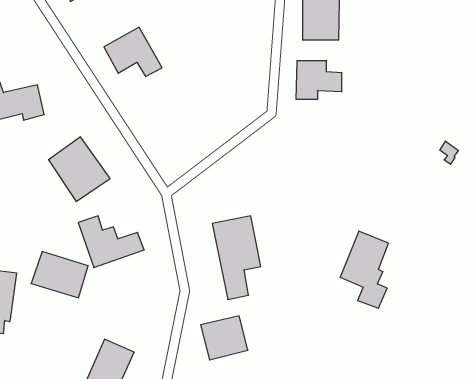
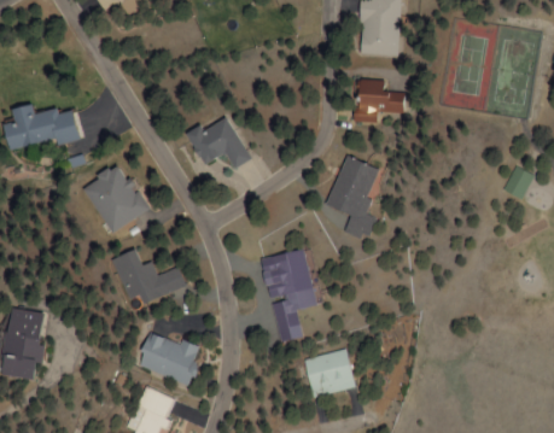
building: [104,27,162,77] -> [188,115,252,169]
building: [340,231,388,308] -> [325,156,378,240]
building: [31,252,88,298] -> [136,332,199,382]
building: [201,316,248,360] -> [303,350,355,398]

